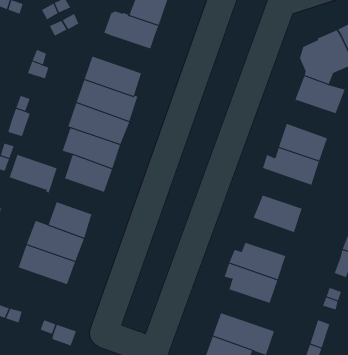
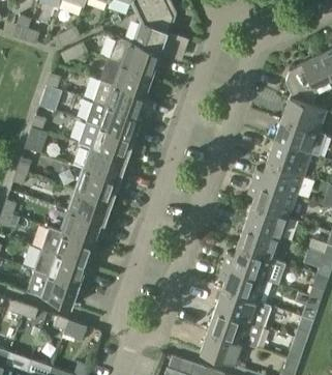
building: none -> [100,58,153,95]
building: none -> [274,119,319,153]
building: [9,154,57,194] -> [68,190,112,225]
building: none -> [248,180,297,217]
building: none -> [237,225,281,259]
building: none -> [27,269,79,308]
building: none -> [215,289,271,326]

